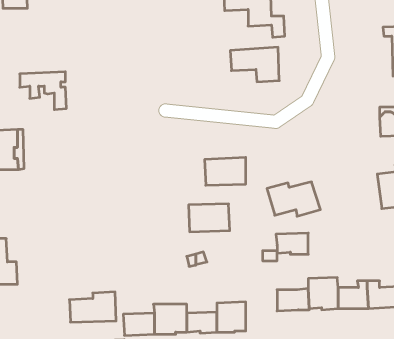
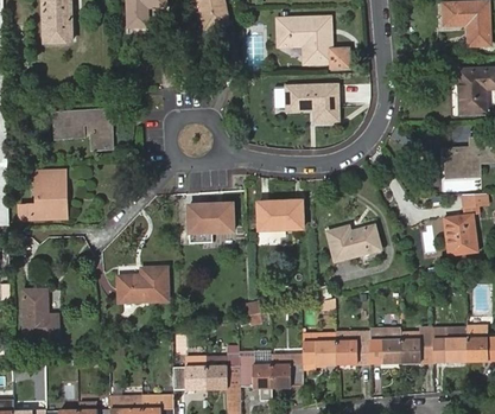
building: [189,204,230,232] -> [189,203,233,233]
building: [276,233,308,254] -> [302,342,336,364]
building: [69,292,116,322] -> [118,269,167,301]

